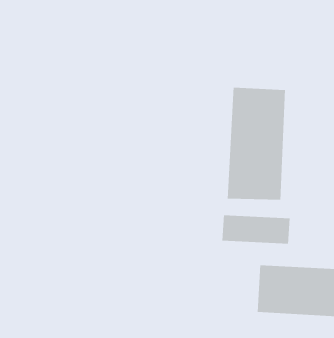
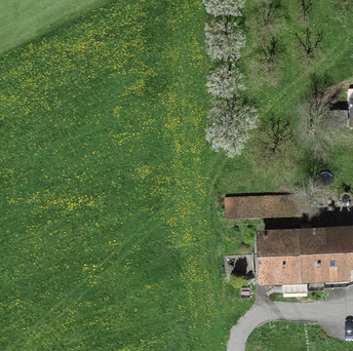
building: [227,87,286,201] -> none

